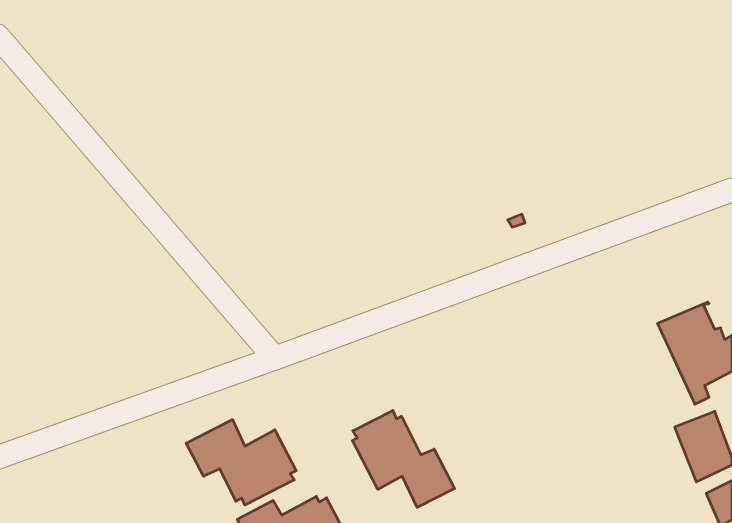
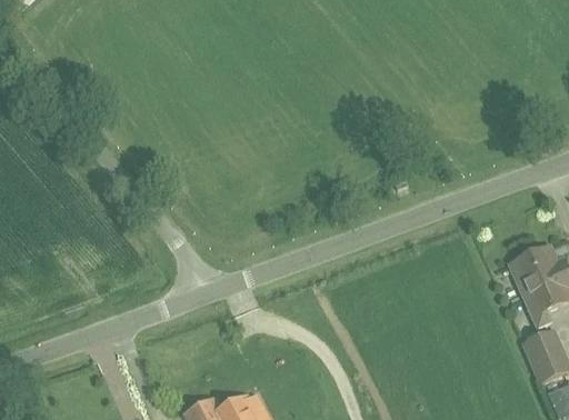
building: [352,410,455,507] -> none
building: [186,420,296,505] -> none

